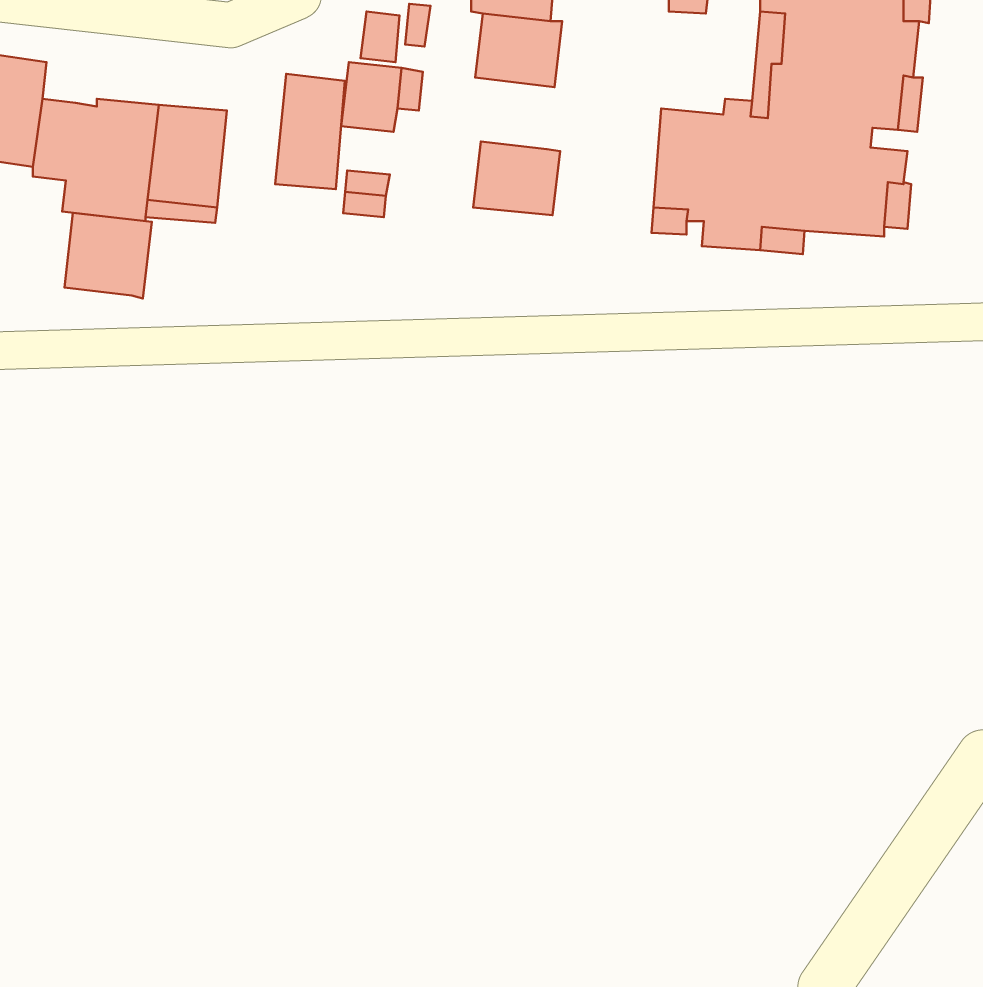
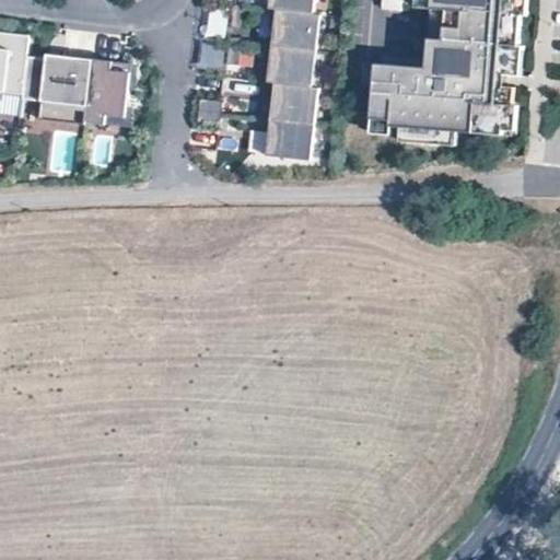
building: [275,74,345,189] -> none
building: none -> [265,44,313,84]
building: none -> [262,117,312,159]
building: [64,213,152,298] -> none

